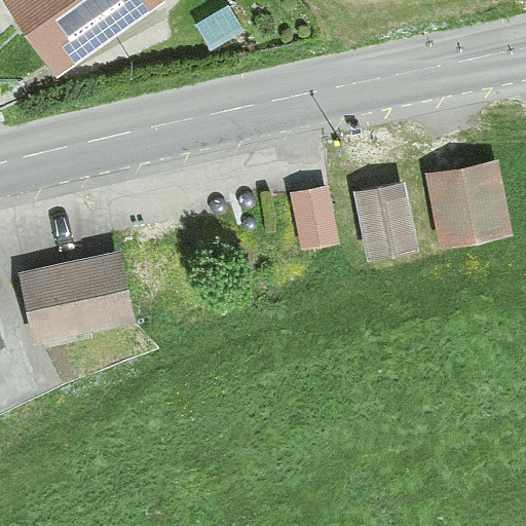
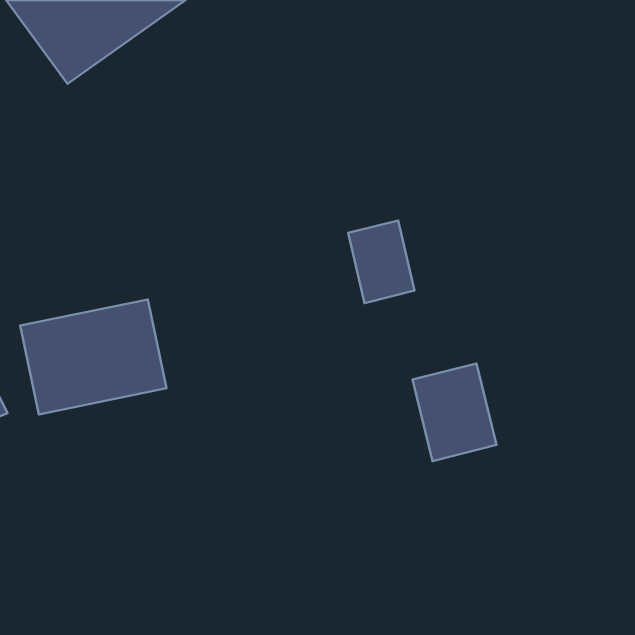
building: [419,156,513,247] -> none
building: [352,182,421,262] -> [413,363,497,461]

